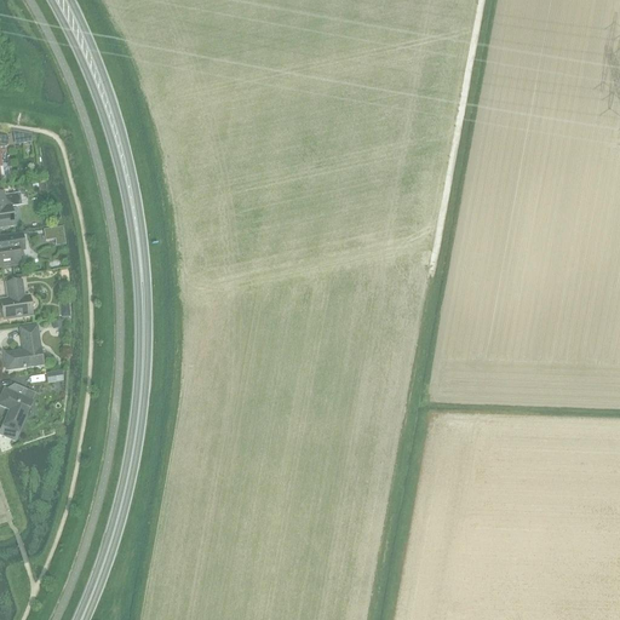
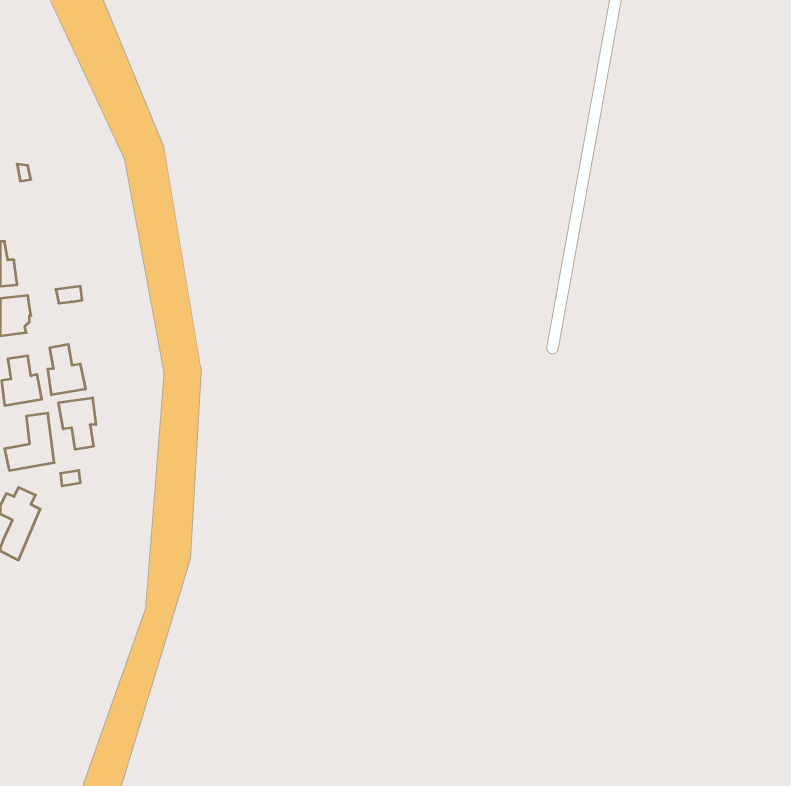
building: none -> [48,344,85,395]
building: none -> [59,398,96,449]

